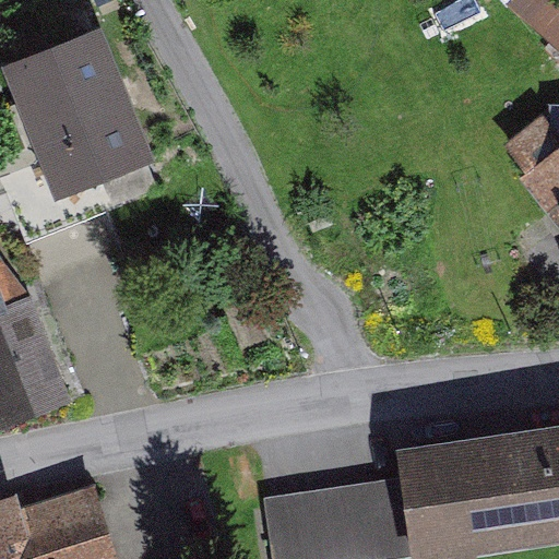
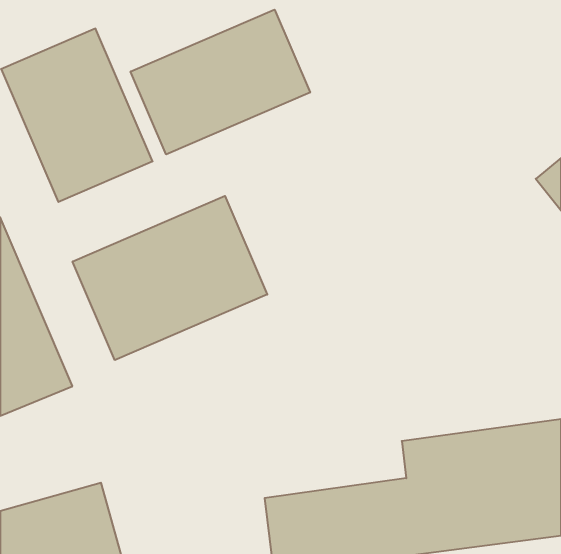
building: none -> [131,10,310,154]
building: none -> [73,196,267,360]

